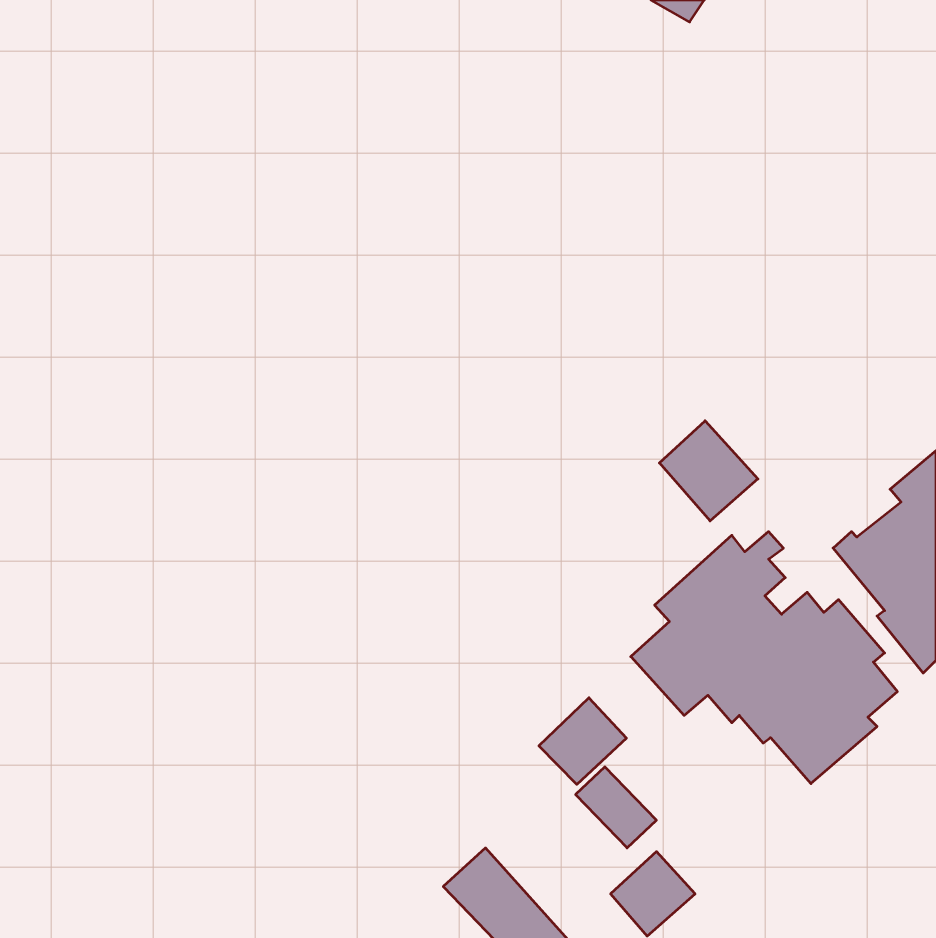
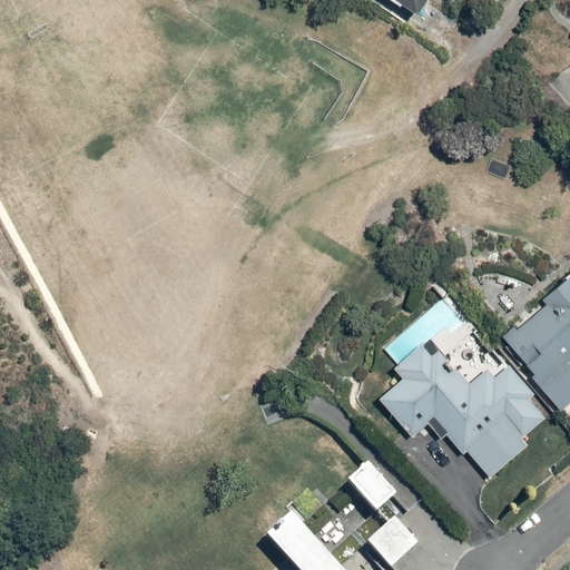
building: [659,421,758,521] -> none
building: [539,698,626,784] -> none

